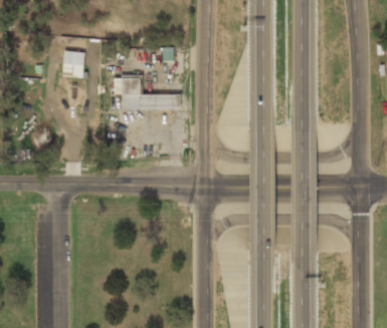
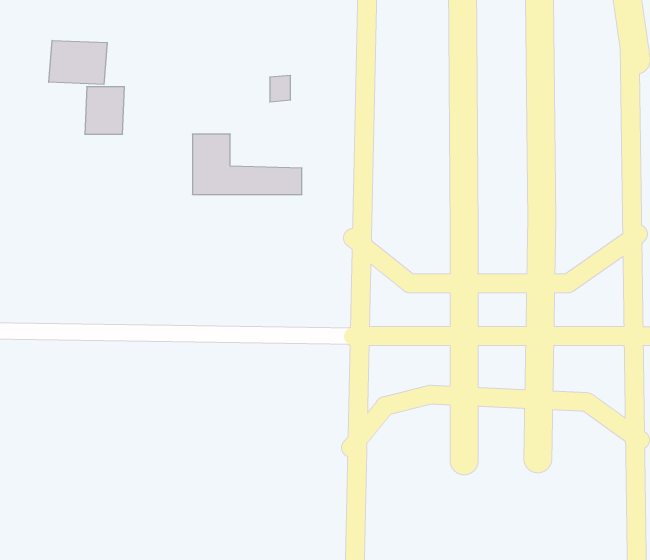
building: none -> [49,40,107,84]

